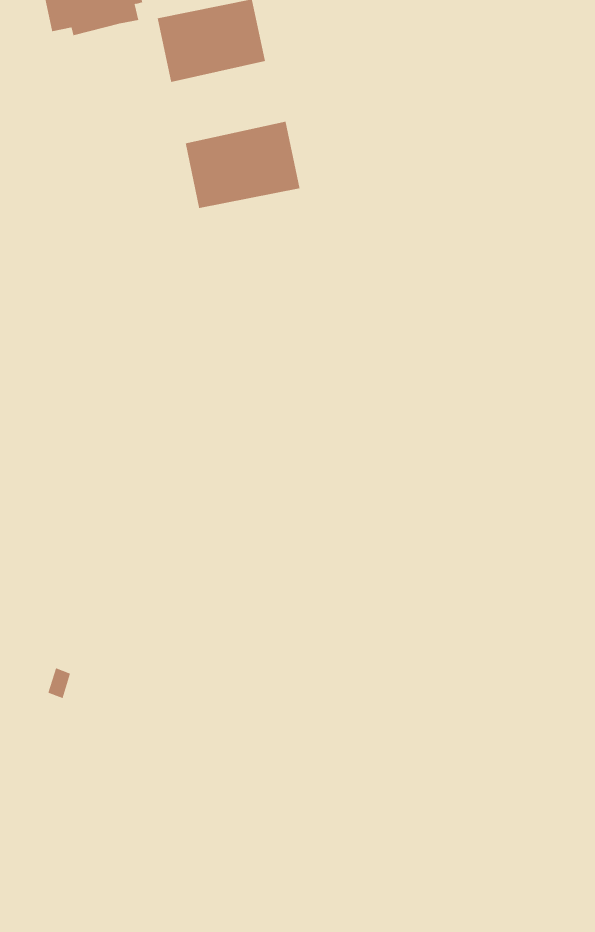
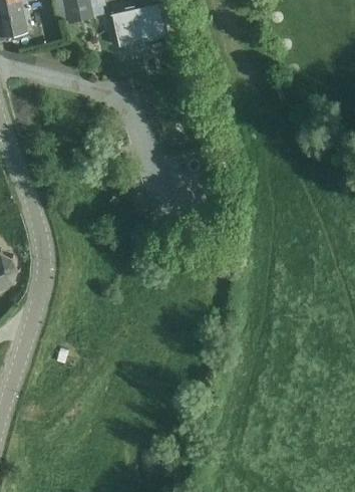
building: [185,121,300,209] -> none

